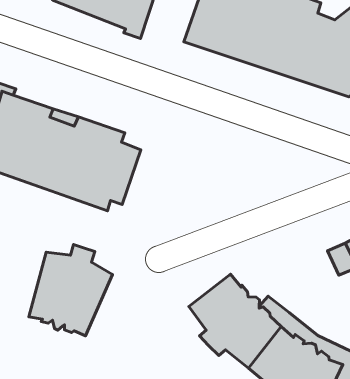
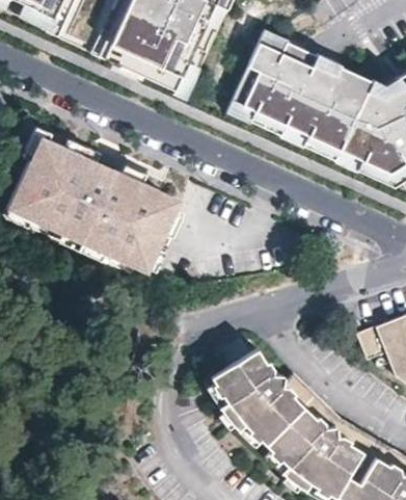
building: [29,244,113,336] -> none

